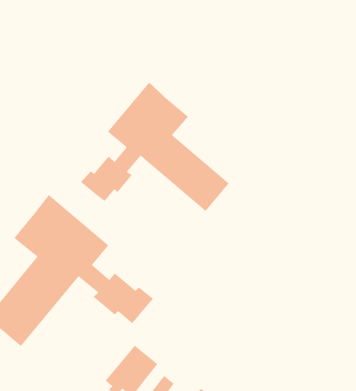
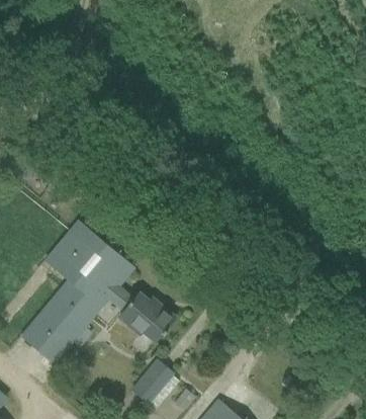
building: [80,82,229,212] -> none

